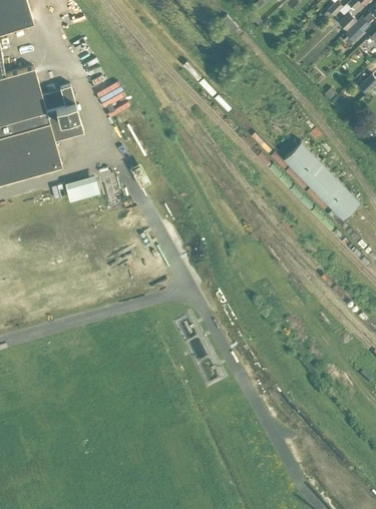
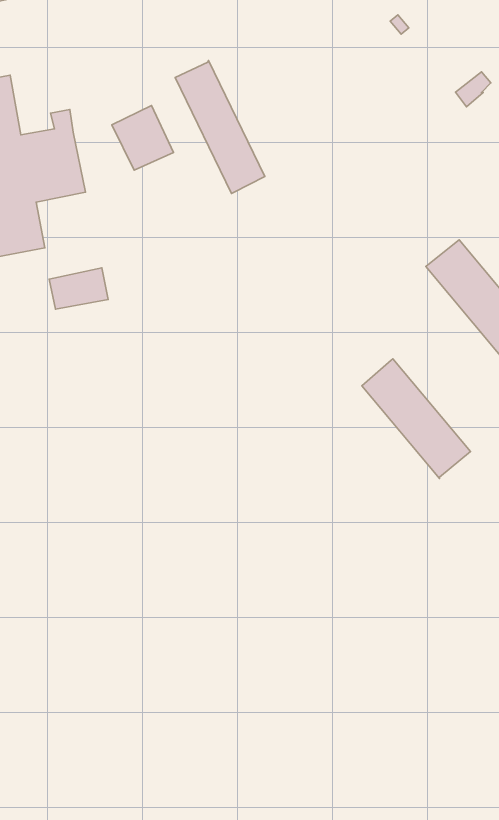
building: none -> [175,61,265,193]
building: none -> [362,359,471,479]

